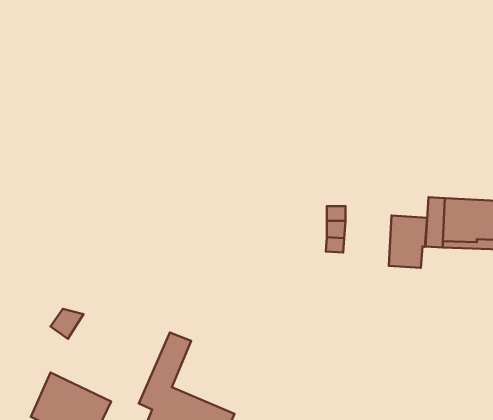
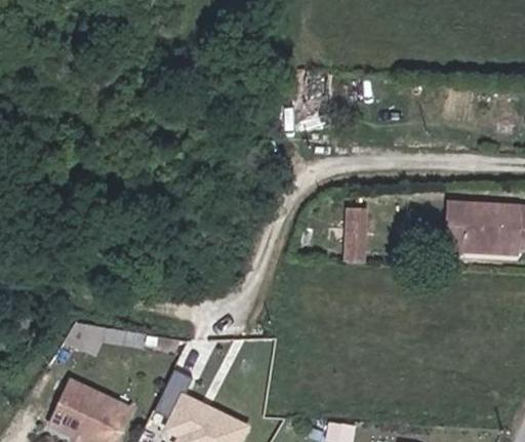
building: [389,216,427,268] -> none

